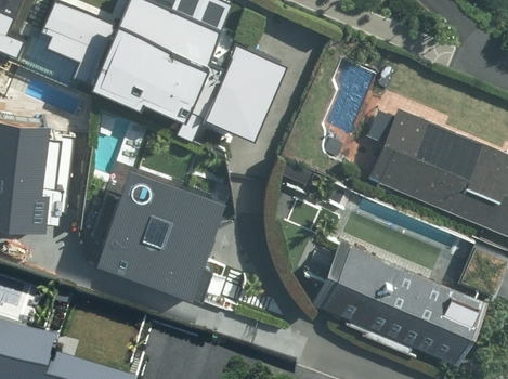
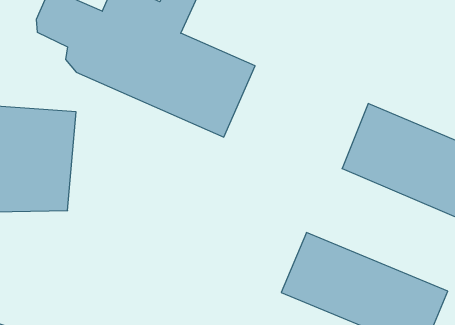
building: [102,157,233,293] -> none

